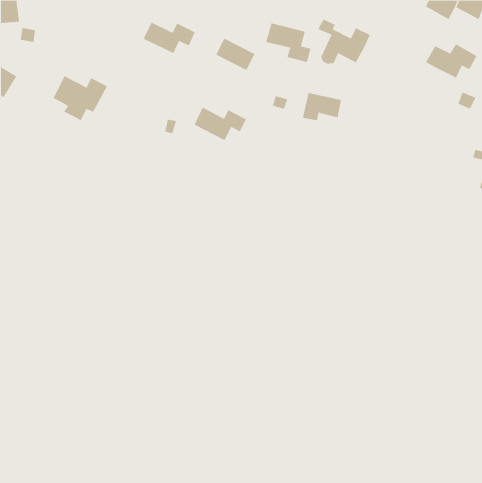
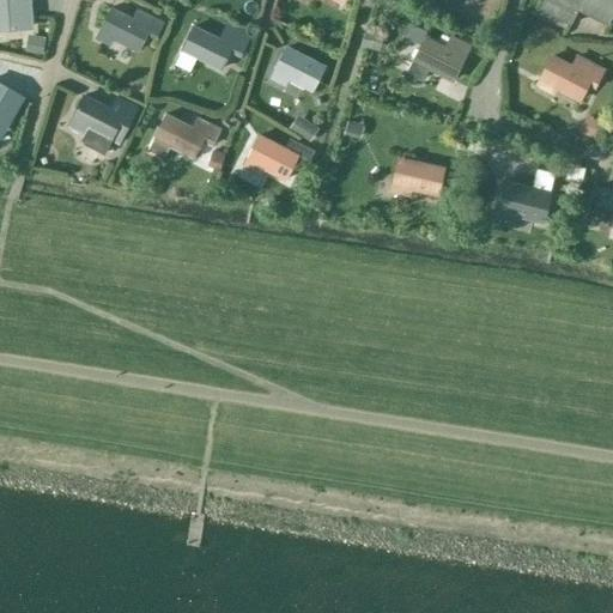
building: none -> [99,8,165,49]
building: [266,22,311,63] -> none
building: none -> [154,115,220,158]
building: [302,92,342,121] -> [392,160,442,196]
building: none -> [497,168,554,223]

